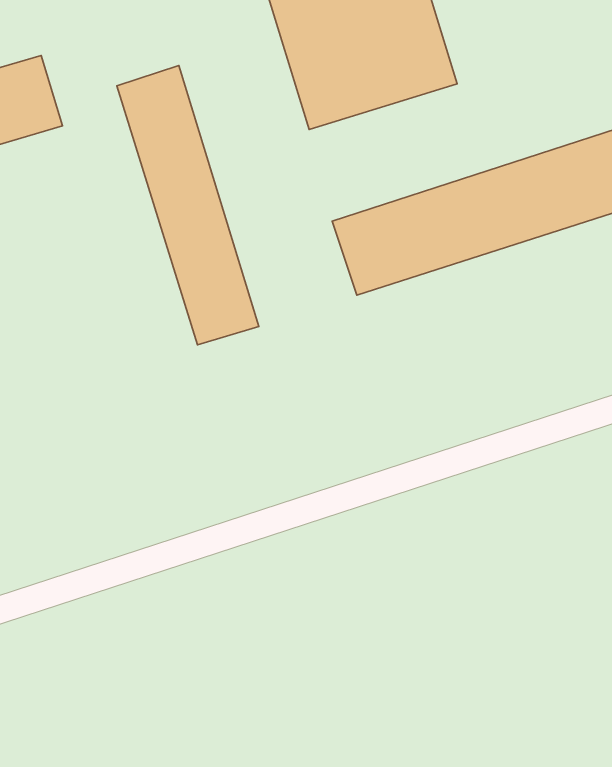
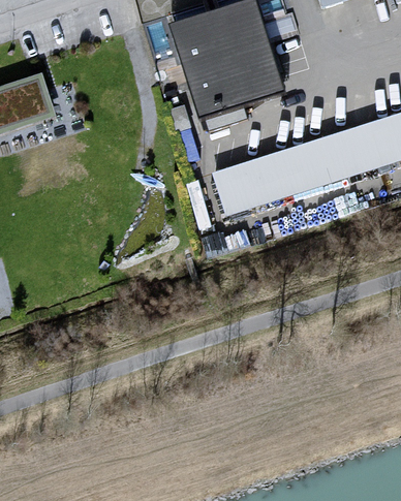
building: [117,66,259,345] -> none

